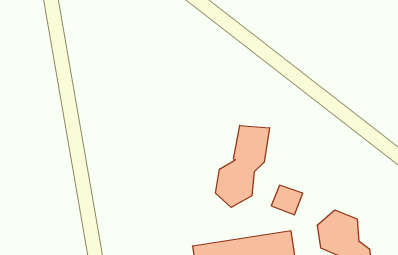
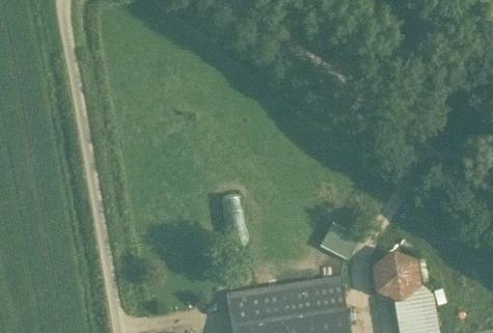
building: [215,125,270,207] -> none

